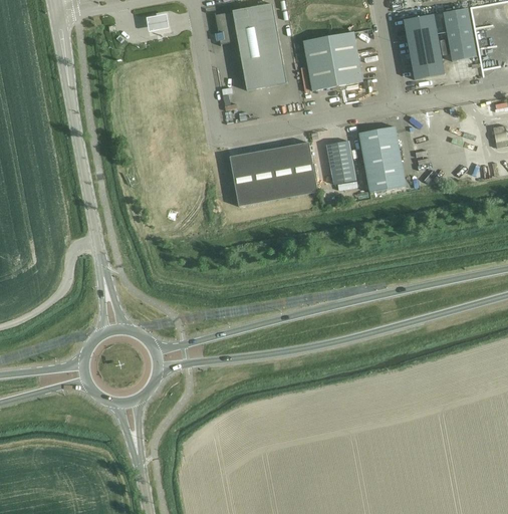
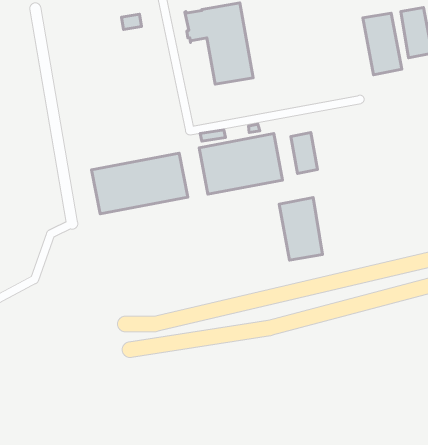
building: [303,31,363,90] -> none
building: [359,125,406,192] -> [279,198,323,260]
building: none -> [91,153,188,214]

